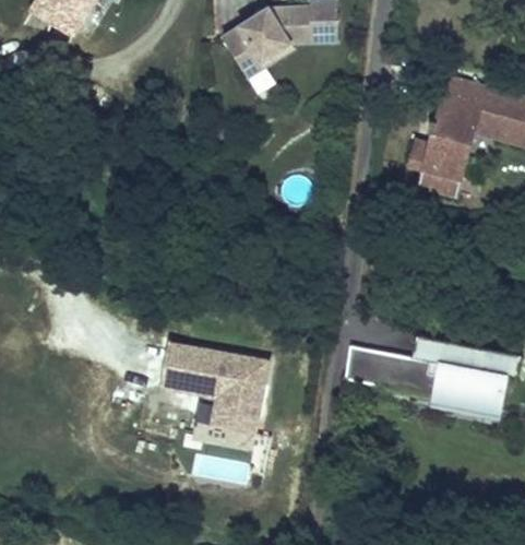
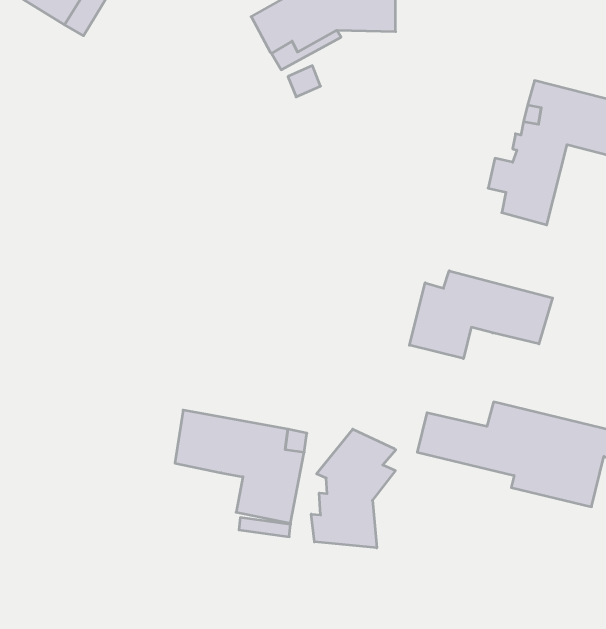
building: none -> [409,271,553,359]
building: none -> [311,429,396,548]

